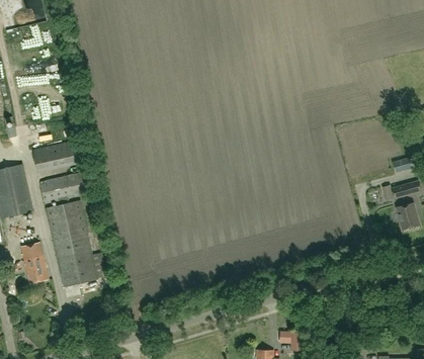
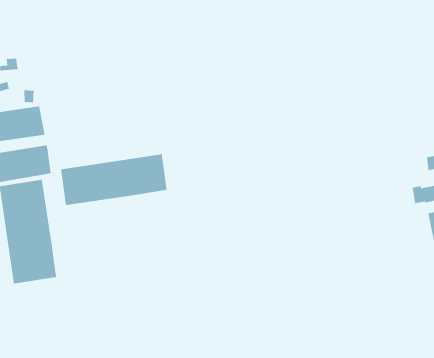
building: none -> [61,154,167,206]

